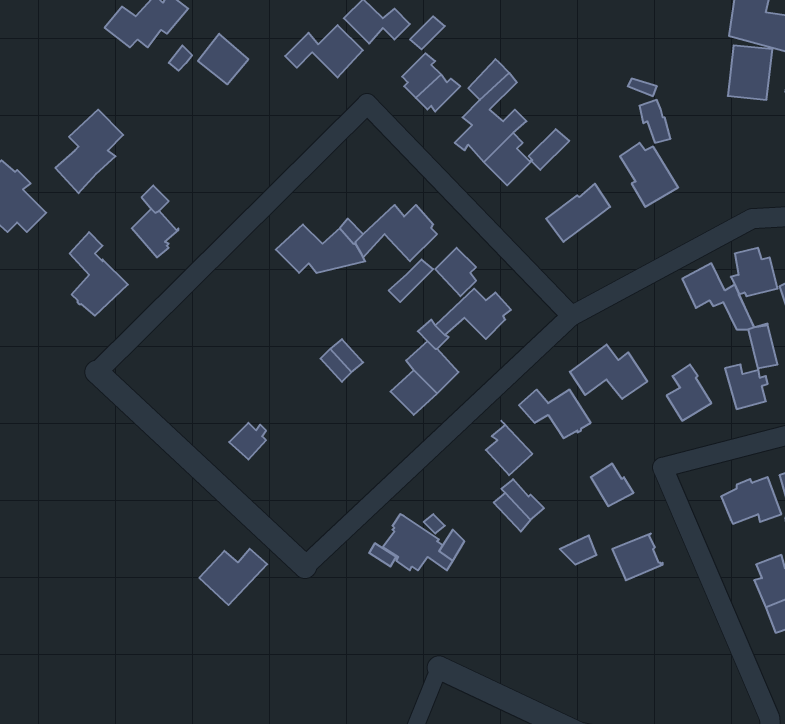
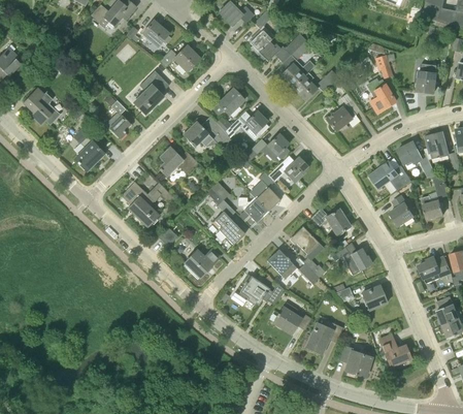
building: [285,25,363,78] -> [159,44,200,72]
building: [728,45,772,100] -> [414,63,437,92]
building: [55,110,123,193] -> [132,70,168,115]
building: none -> [209,88,244,115]
building: none -> [159,147,198,177]
building: none -> [121,181,172,226]
building: [570,344,647,399] -> [370,161,411,190]
building: none -> [214,211,244,245]
building: none -> [267,249,296,279]
building: [199,549,267,605] -> [184,248,220,278]
building: none -> [272,301,311,333]
building: none -> [307,319,342,351]
building: none -> [379,333,410,367]
building: none -> [337,345,371,376]

